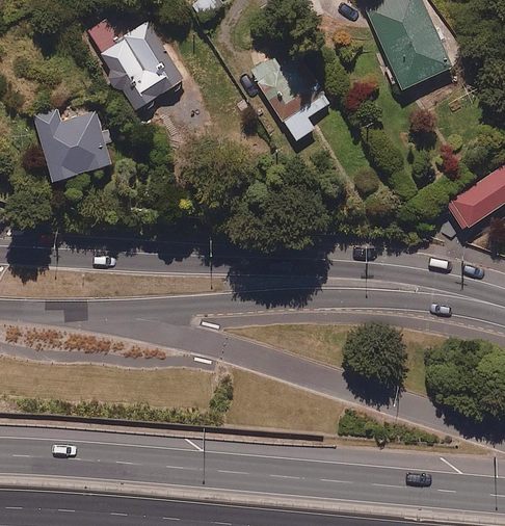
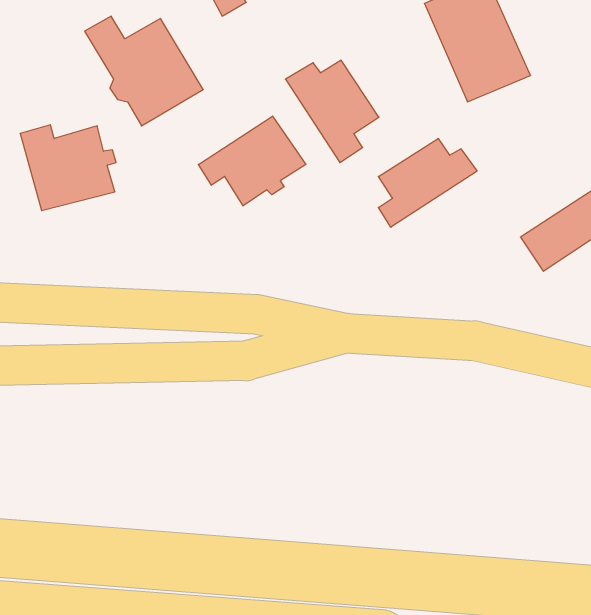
building: none -> [198,116,306,206]
building: none -> [378,138,477,227]

